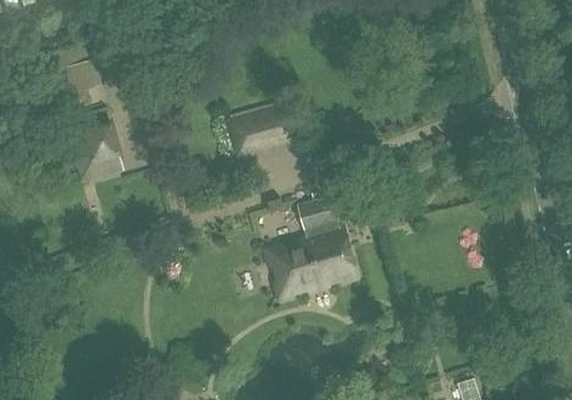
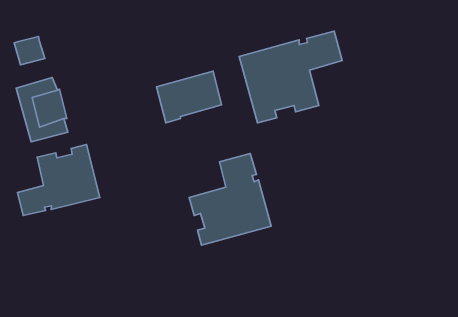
building: none -> [239,31,342,123]
building: none -> [18,145,100,216]

